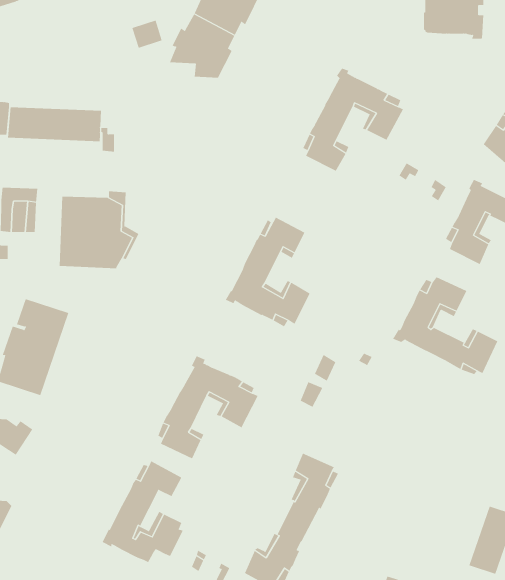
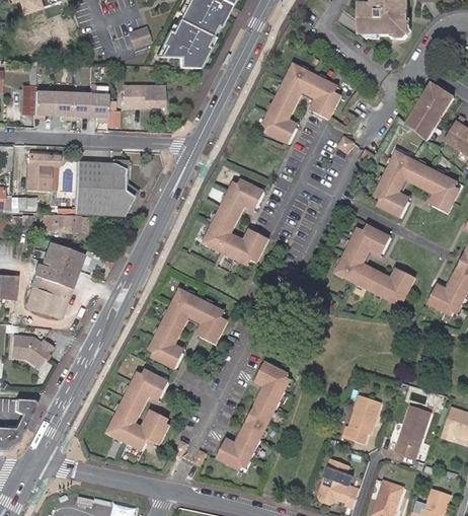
building: none -> [124,86,162,106]
building: none -> [42,215,86,234]
building: none -> [341,394,381,443]

